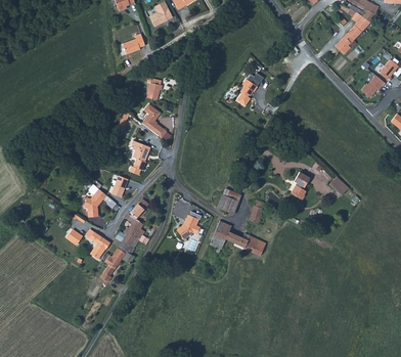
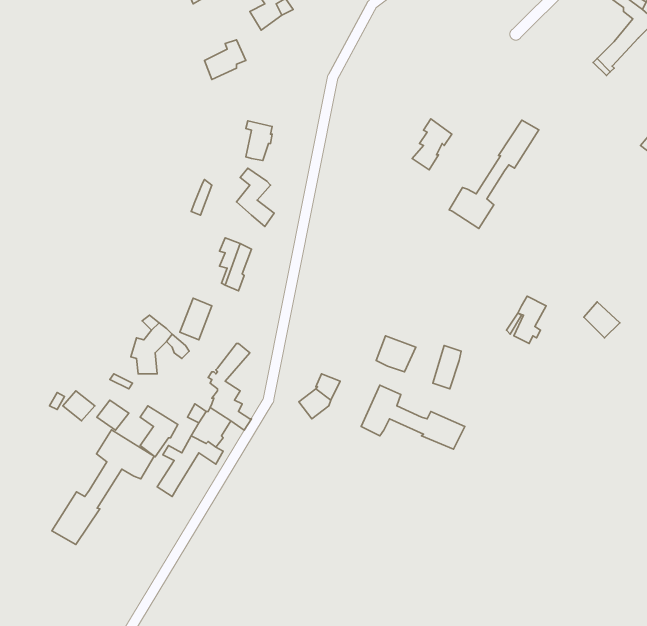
building: none -> [449,120,539,228]
building: none -> [52,430,154,545]

